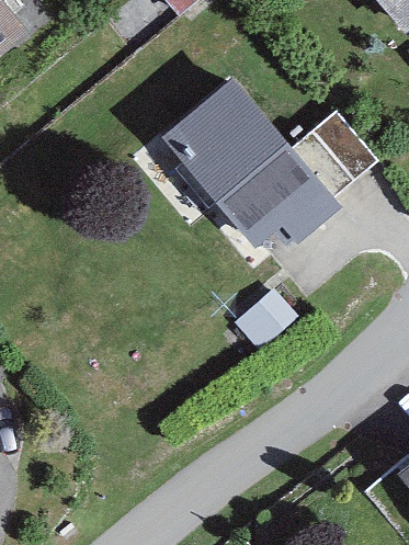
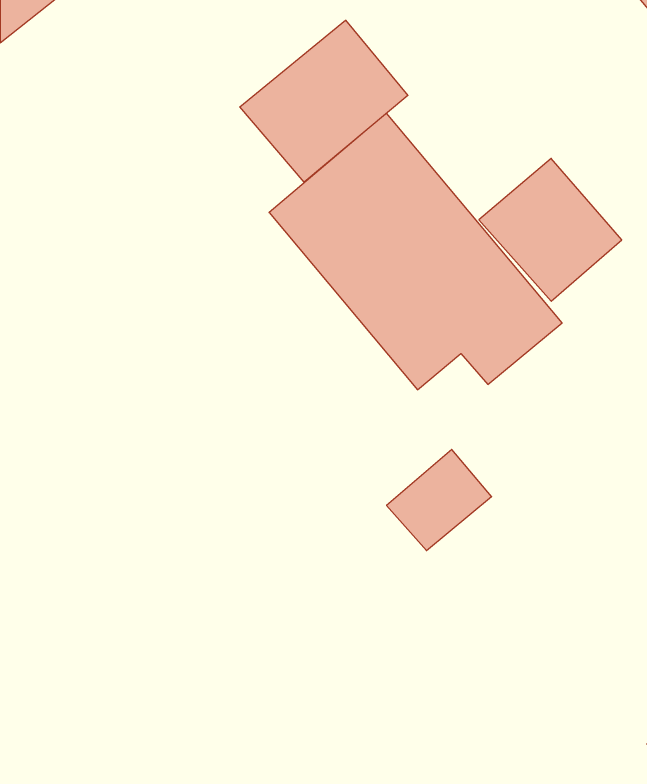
building: none -> [240,20,408,182]

